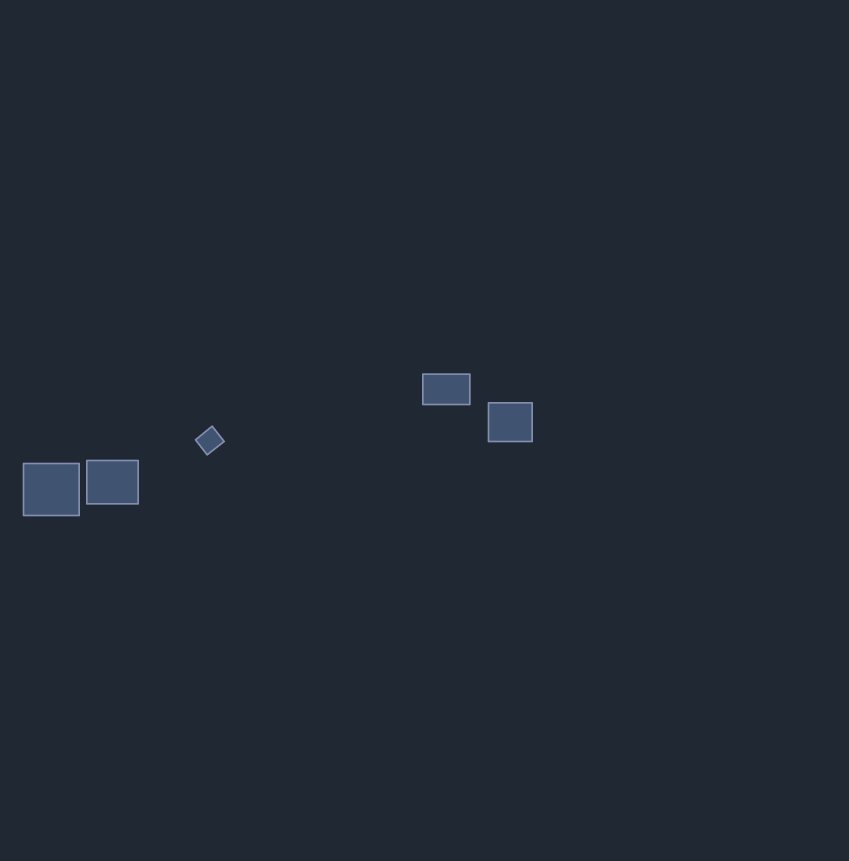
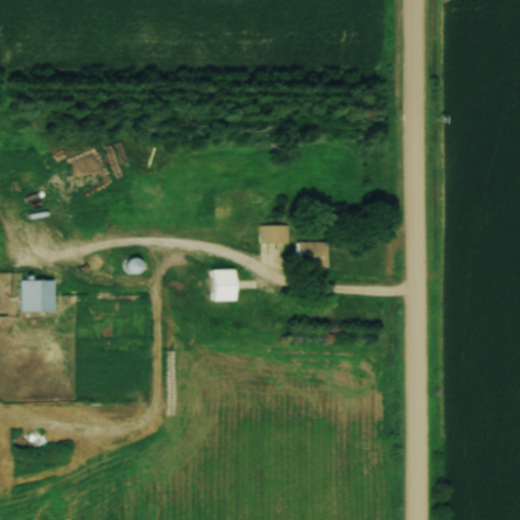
building: none -> [212,269,235,301]
building: [87,461,138,504] -> none

